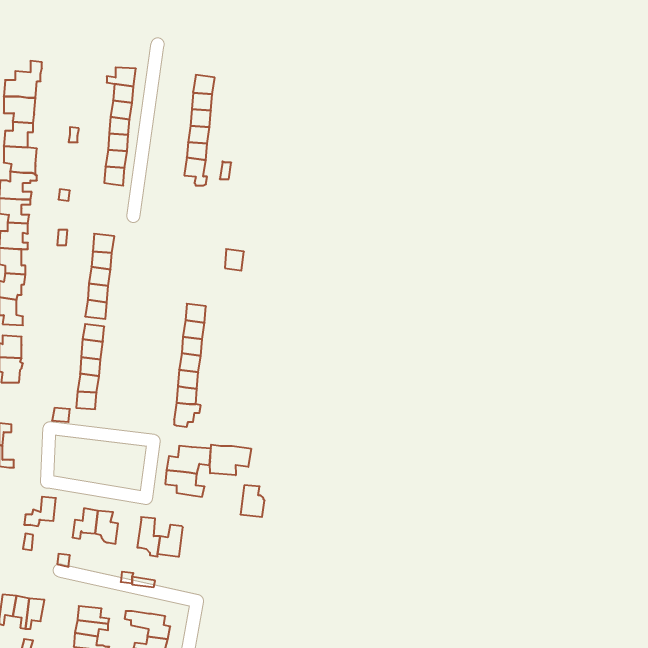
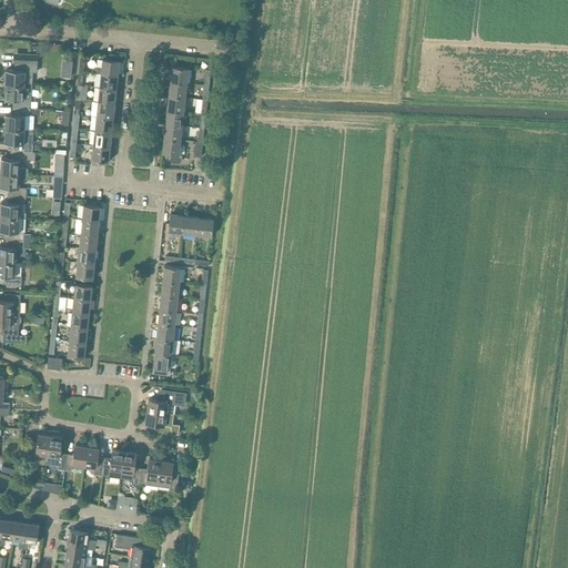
building: none -> [166,215,197,235]
building: [210,445,251,475] -> none
building: [240,485,265,517] -> [156,462,178,489]
building: none -> [45,436,65,470]
building: none -> [101,450,123,479]

